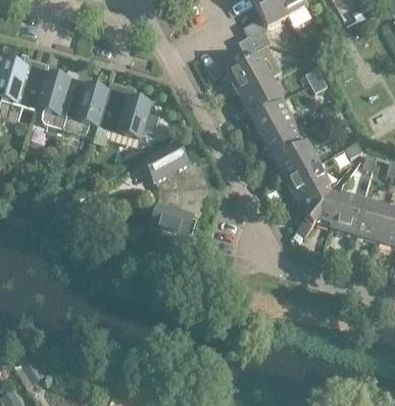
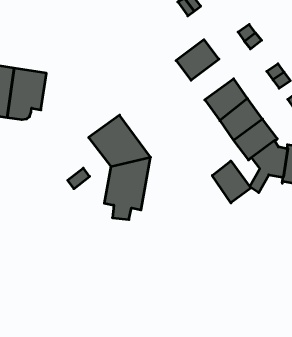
building: [227,52,281,93] -> none
building: [98,89,159,137] -> none
building: [251,97,294,136] -> none
building: none -> [212,161,251,203]

